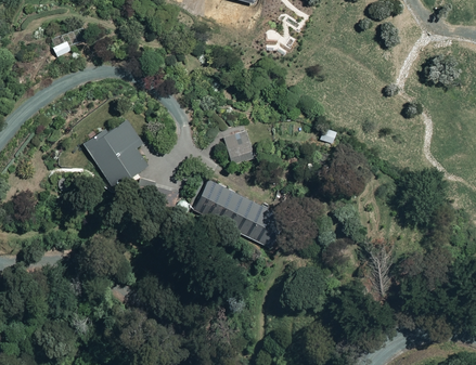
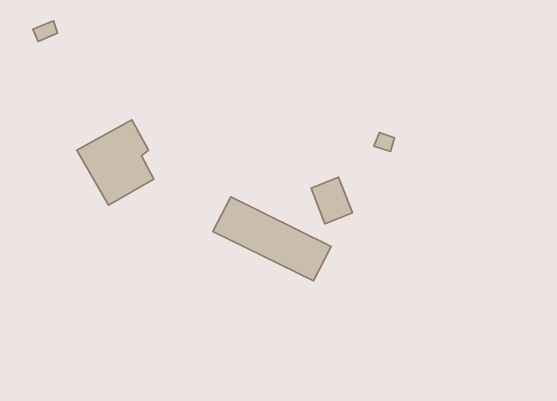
building: [221,129,254,166] -> [311,177,352,224]

